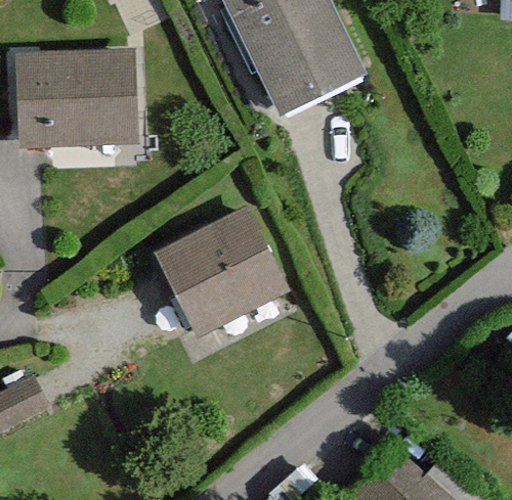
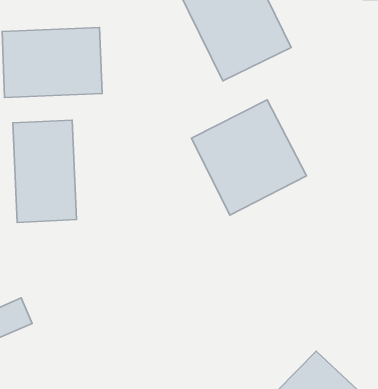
building: none -> [13,120,76,222]
building: [148,199,290,340] -> [191,100,306,215]

